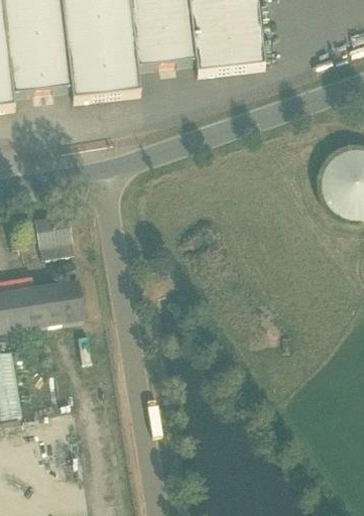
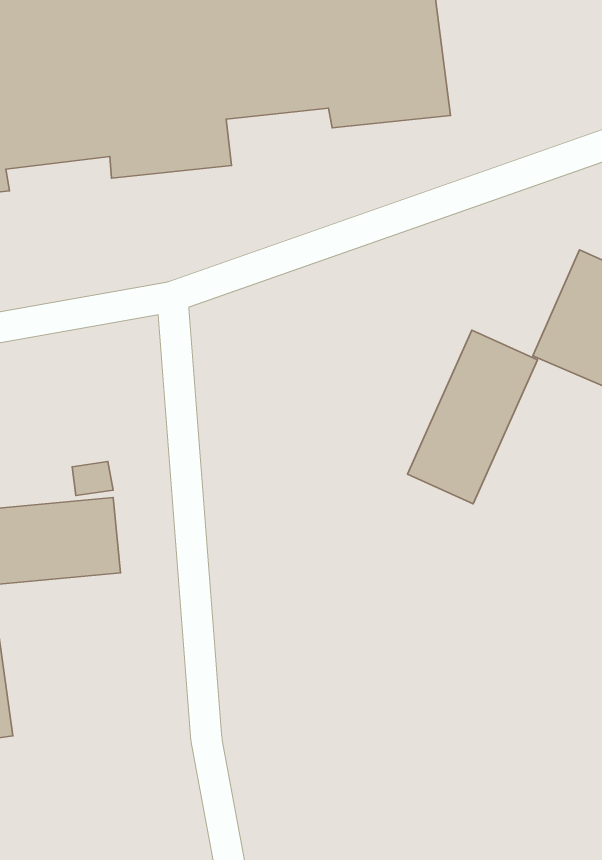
building: none -> [408,330,538,504]
building: [33,221,74,259] -> none

